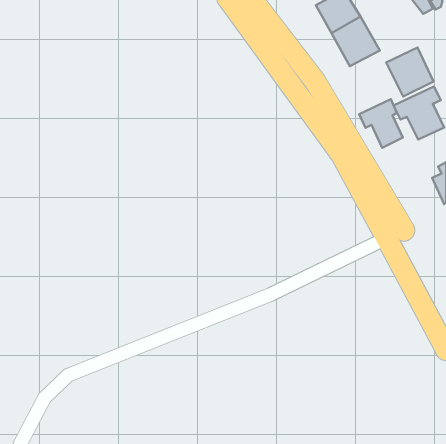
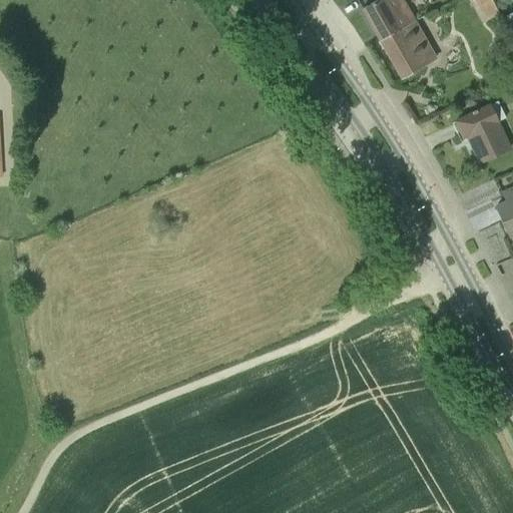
building: [386,47,434,96] -> none
building: [359,99,403,148] -> none

